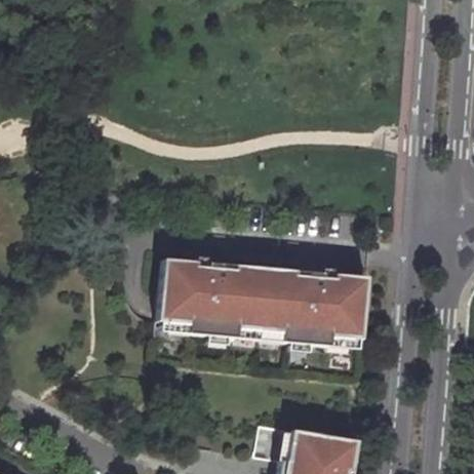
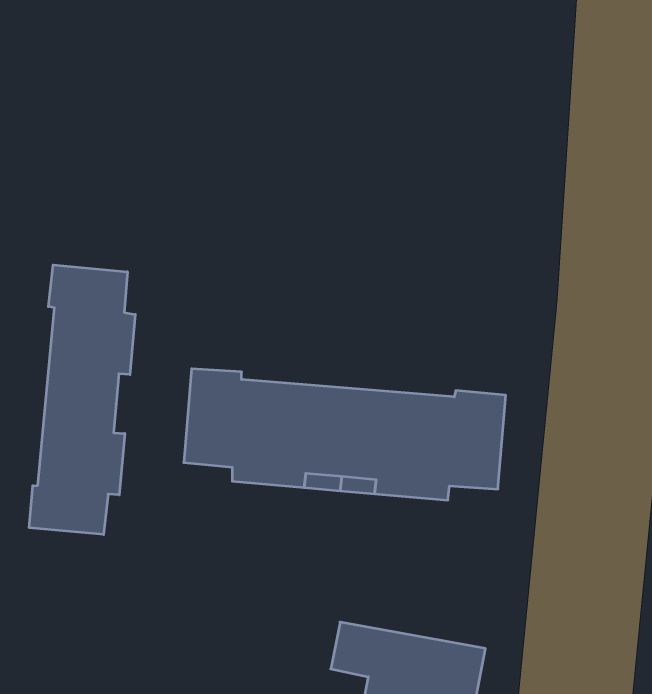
building: none -> [29,265,135,535]

